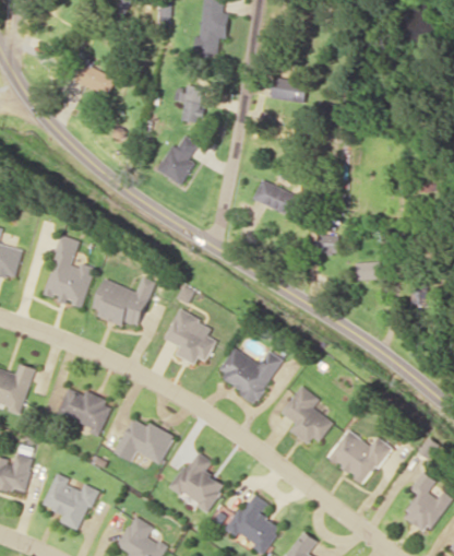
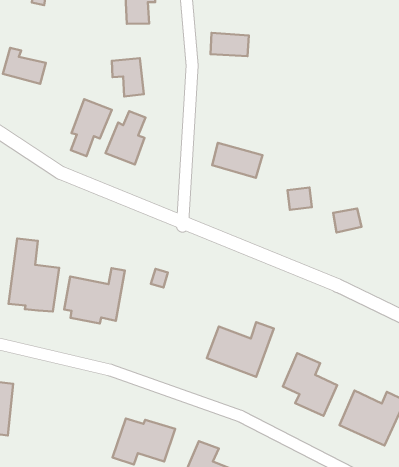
building: none -> [71,99,112,156]
building: [163,310,215,365] -> none
building: [56,388,112,434] -> none

